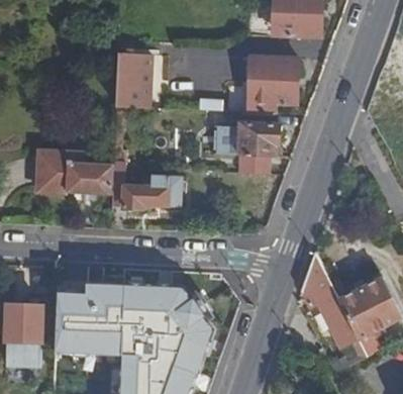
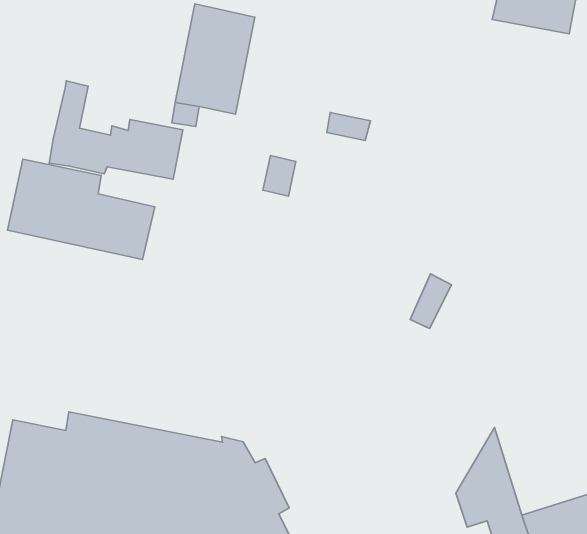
building: [247,56,299,113] -> none
building: [213,121,279,156] -> none
building: [112,162,181,208] -> [49,81,183,179]

